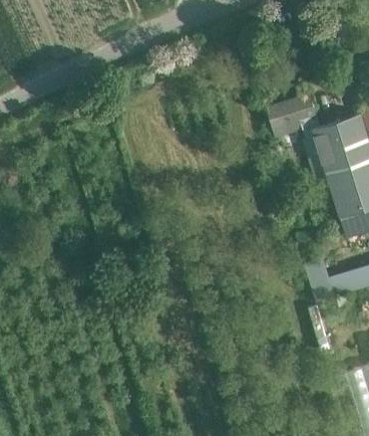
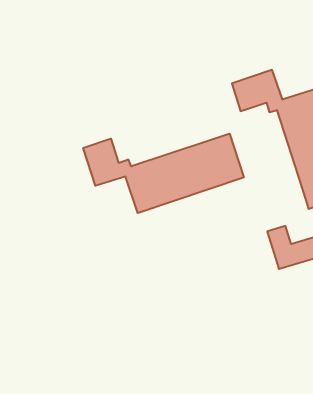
building: none -> [83,134,244,213]

